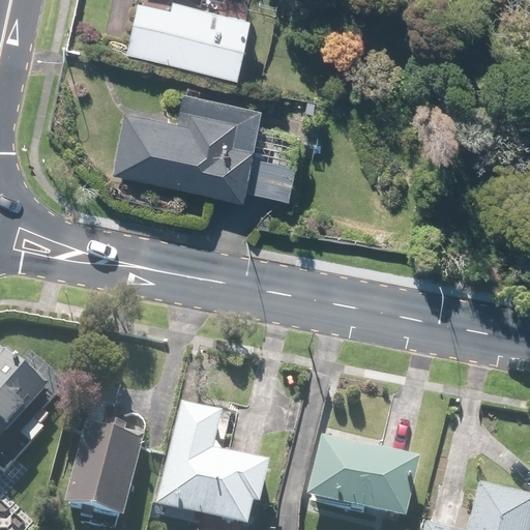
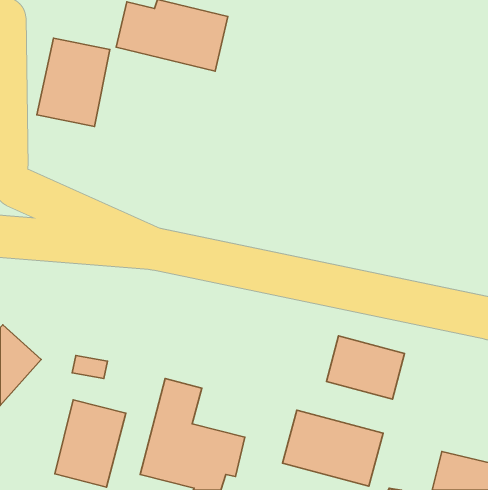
building: none -> [37,38,110,127]
building: [113,97,301,200] -> none
building: none -> [326,336,404,399]

